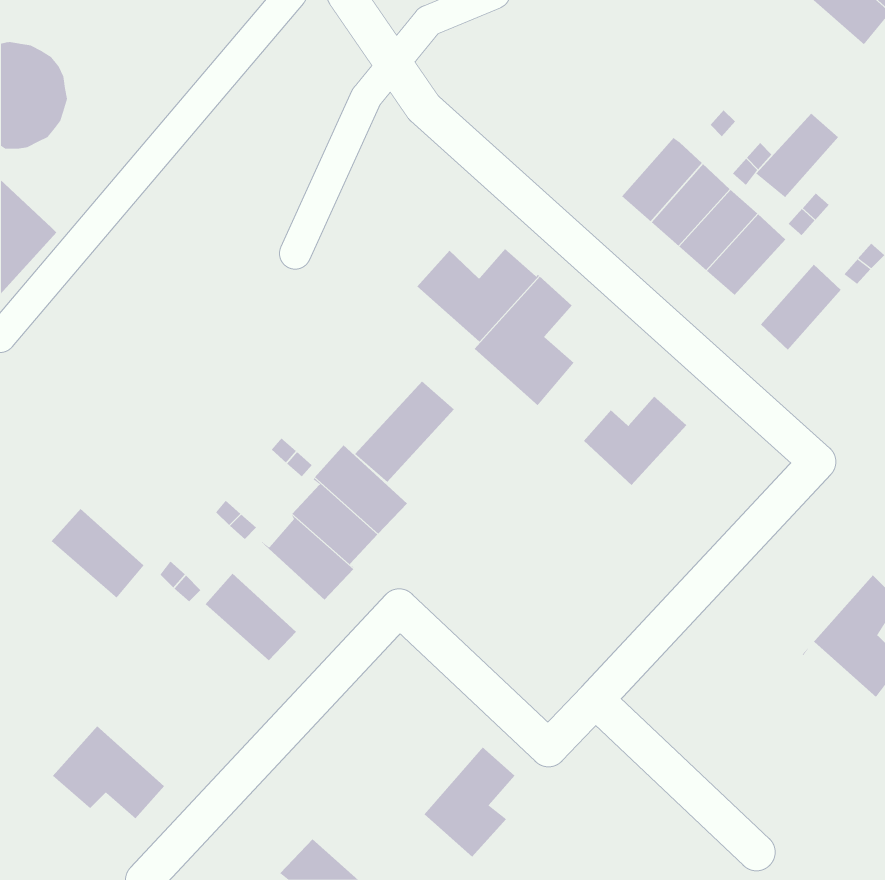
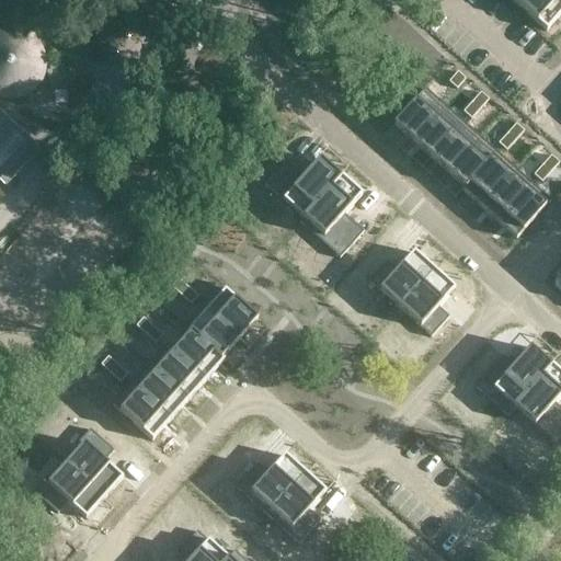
building: [756,113,839,198] -> [462,151,515,205]
building: none -> [499,183,551,238]
building: [354,381,455,483] -> none
building: none -> [400,268,455,335]
building: [51,508,145,599] -> [112,381,171,438]
building: none -> [148,342,206,399]
building: none -> [476,346,552,413]
building: none -> [62,427,123,496]
building: none -> [237,453,306,514]

